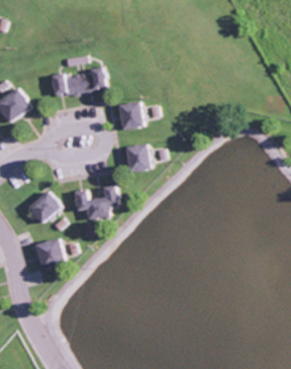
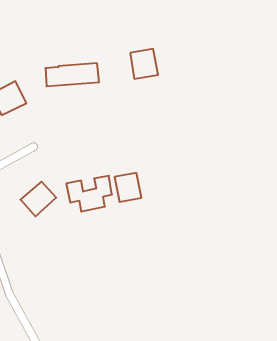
building: [116,100,144,130] -> [130,49,158,79]
building: [124,144,152,173] -> [115,173,141,202]
building: [34,238,66,271] -> none

